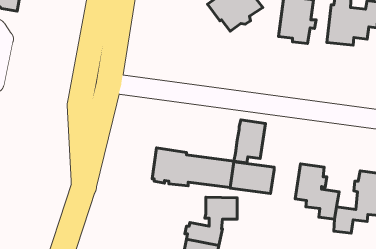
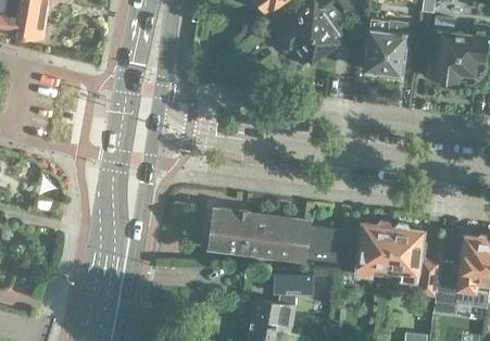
building: [234,120,265,163] -> [353,224,392,277]

